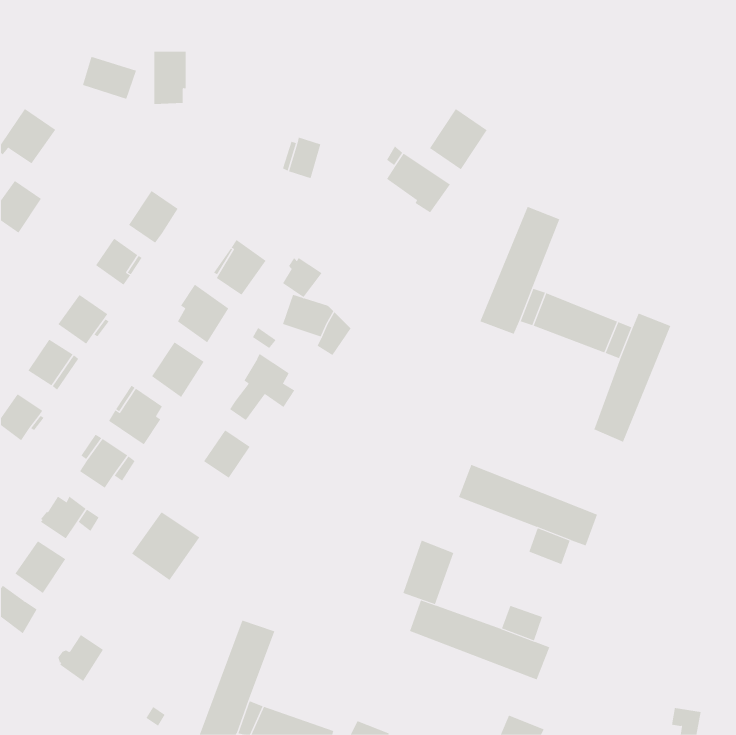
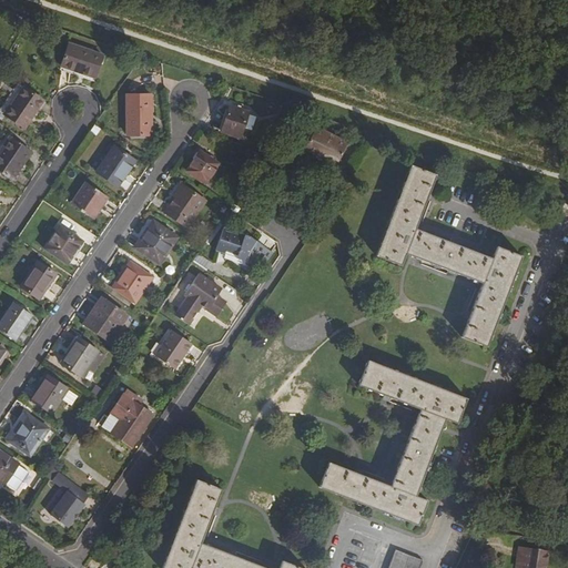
building: [153,51,187,105] -> [128,94,153,135]
building: [429,108,488,170] -> none
building: [282,257,323,298] -> [189,152,220,183]
building: [402,540,454,605] -> [393,425,433,475]

